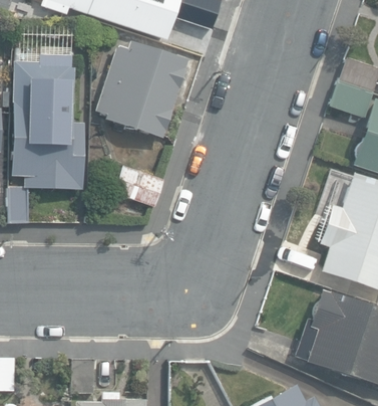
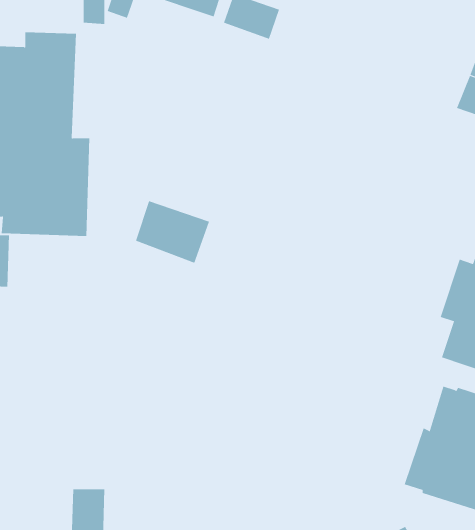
building: [95,40,190,138] -> none

